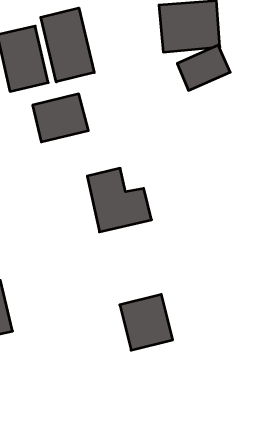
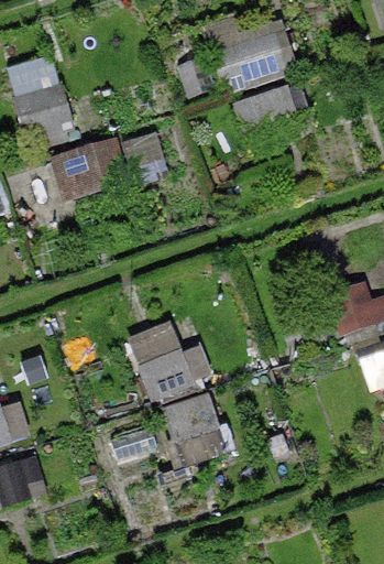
building: [41,8,94,82] -> none
building: [87,168,152,232] -> [130,322,211,402]

